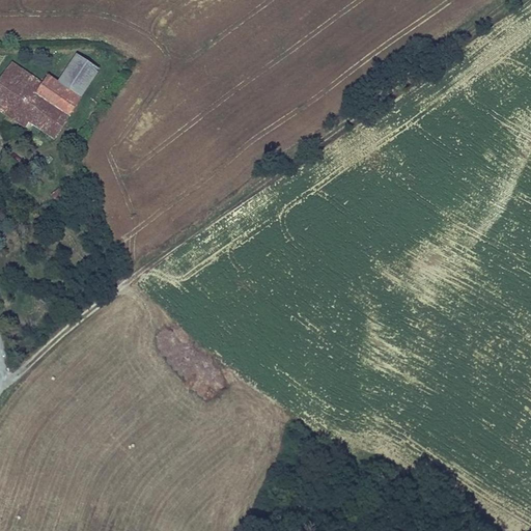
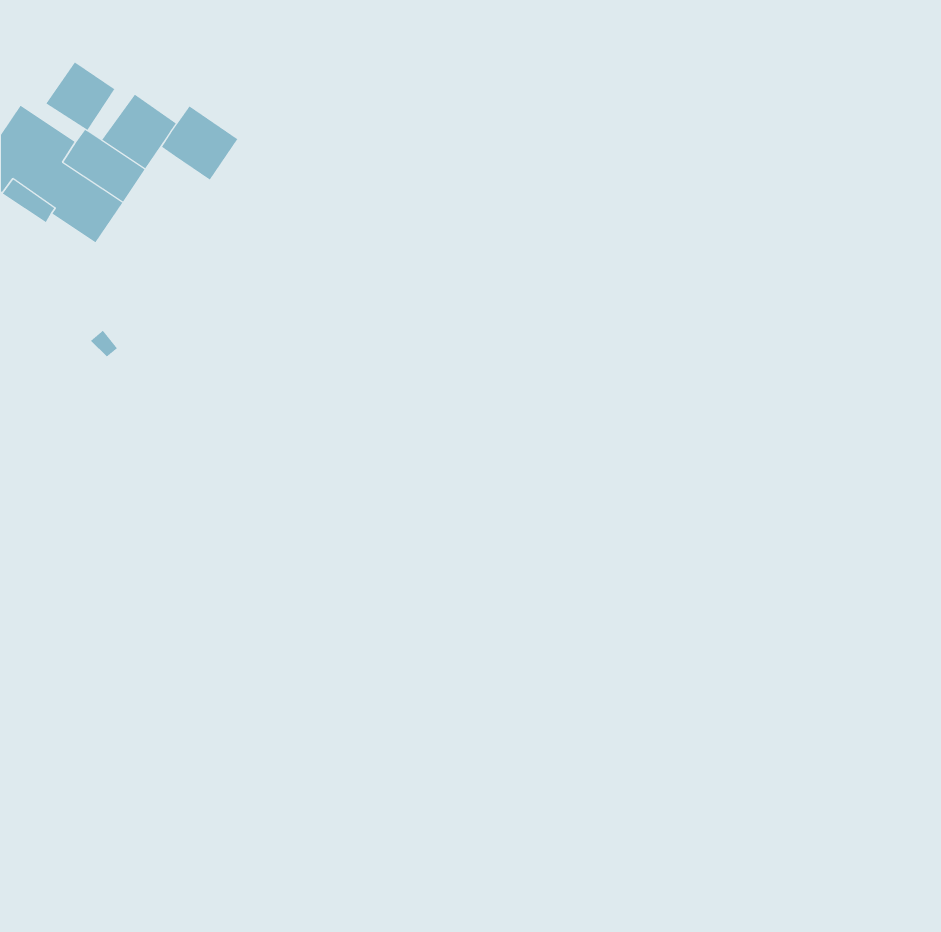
building: none -> [45,61,115,131]
building: none -> [161,106,238,180]

